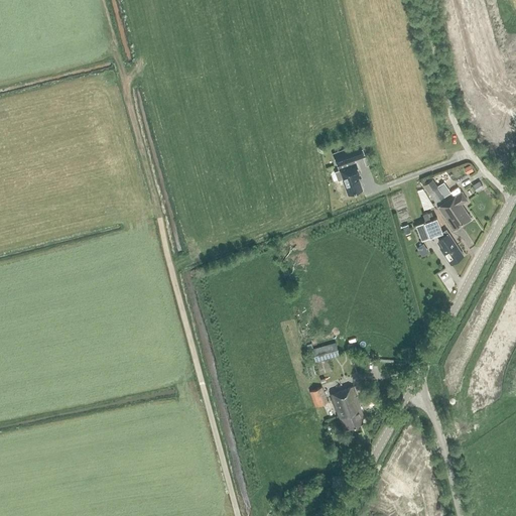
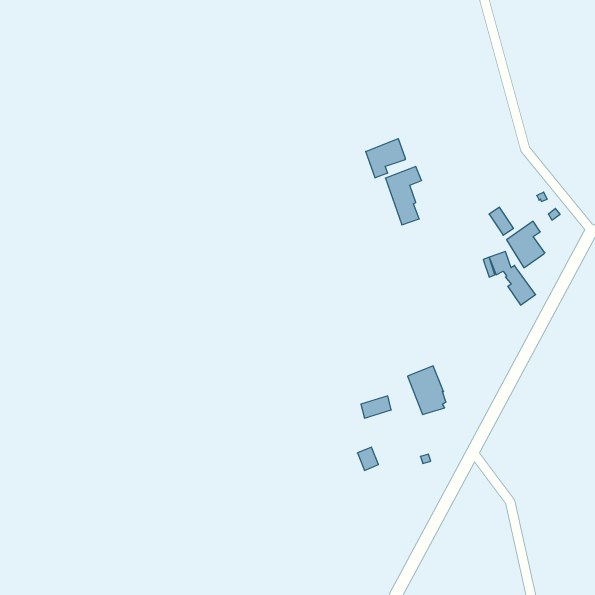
building: none -> [366,139,405,178]
building: [331,386,364,428] -> [408,366,446,415]

